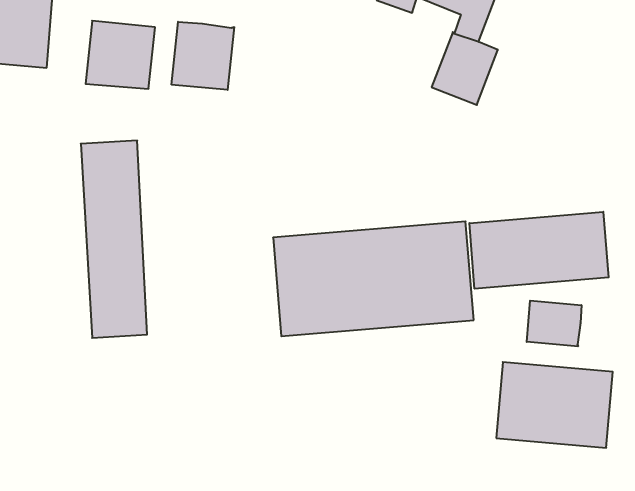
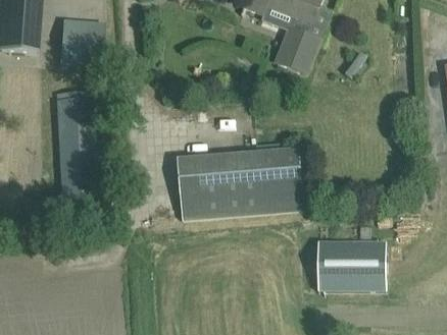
building: [172,22,234,90] -> none
building: [469,212,609,289] -> none
building: [527,301,581,346] -> none

